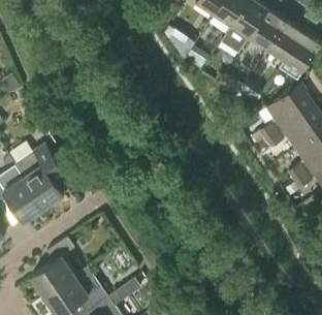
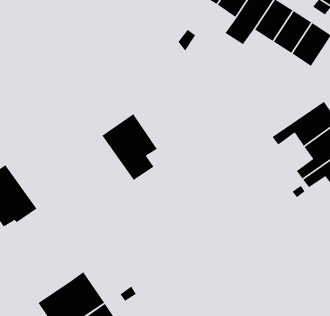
building: [259,84,315,139] -> none
building: [14,144,67,208] -> [102,113,158,181]
building: [31,238,75,296] -> none

